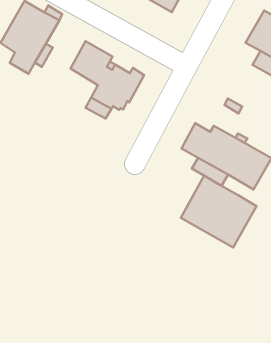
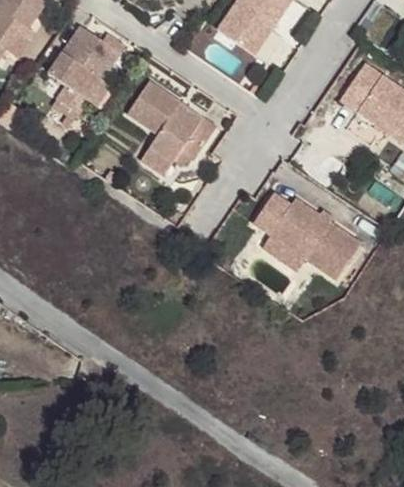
building: [181,176,257,248] -> none

